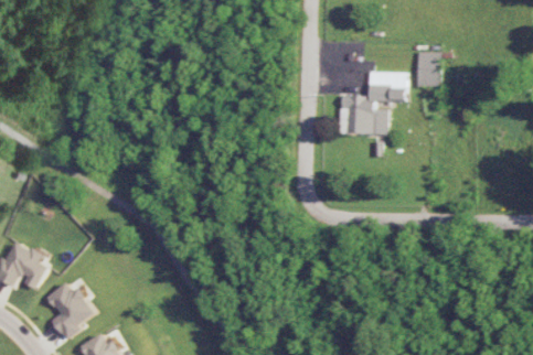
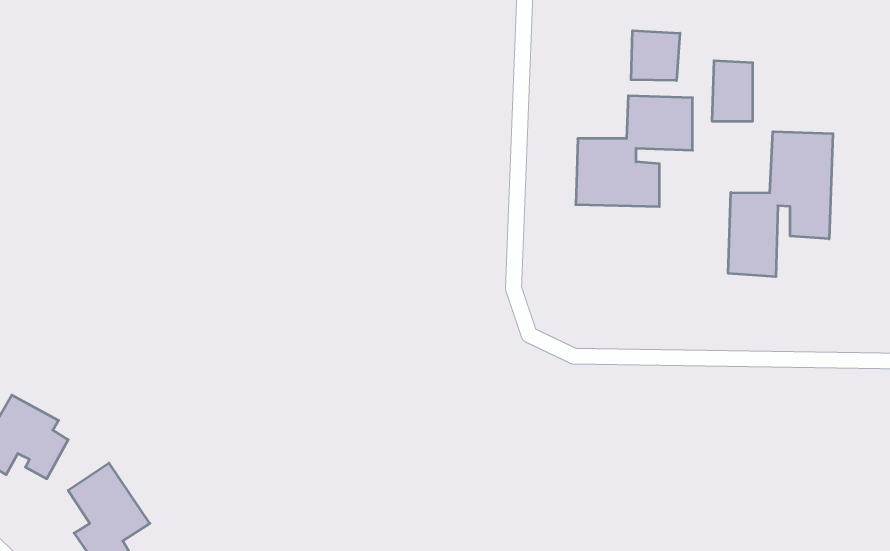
building: none -> [631,31,680,81]
building: none -> [728,132,833,277]

